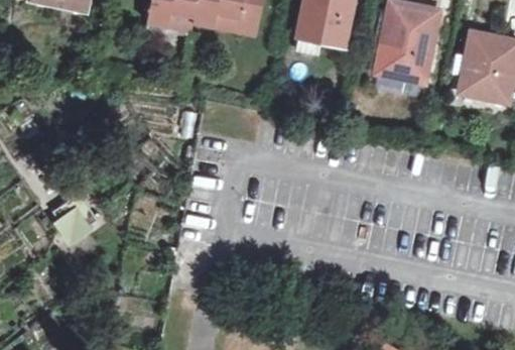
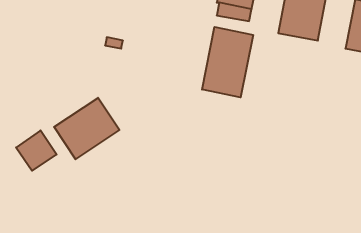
building: none -> [202,27,253,97]
building: none -> [54,98,119,159]

